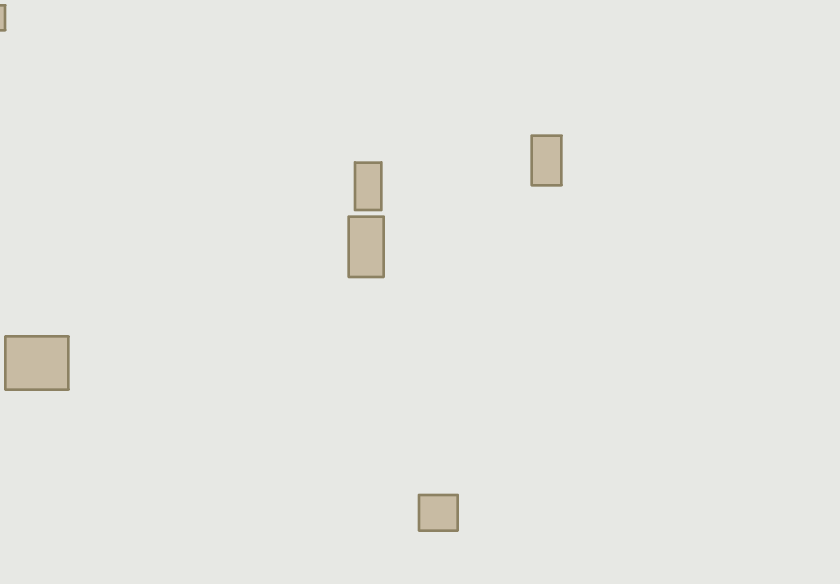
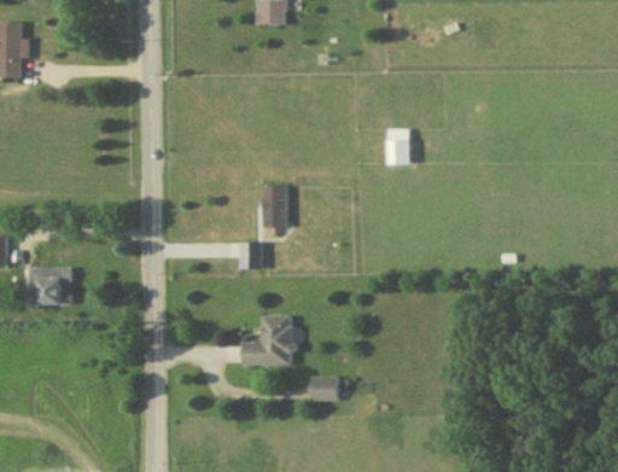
building: [355,162,381,210] -> none
building: none -> [243,315,292,365]

